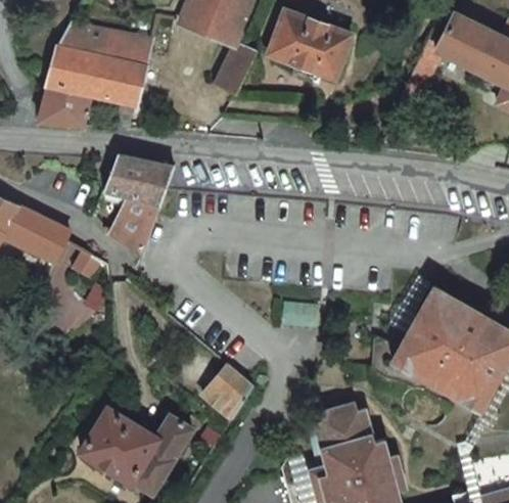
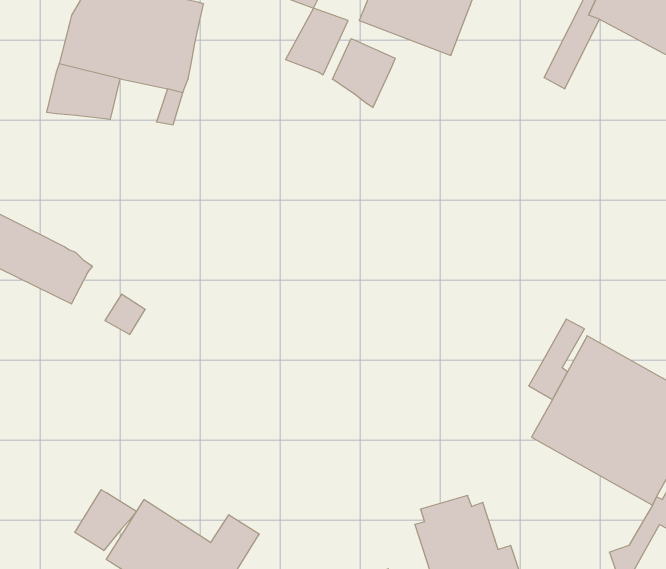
building: none -> [332,39,395,108]
building: [103,154,176,257] -> none
building: [203,363,254,420] -> none
building: none -> [75,490,137,551]

